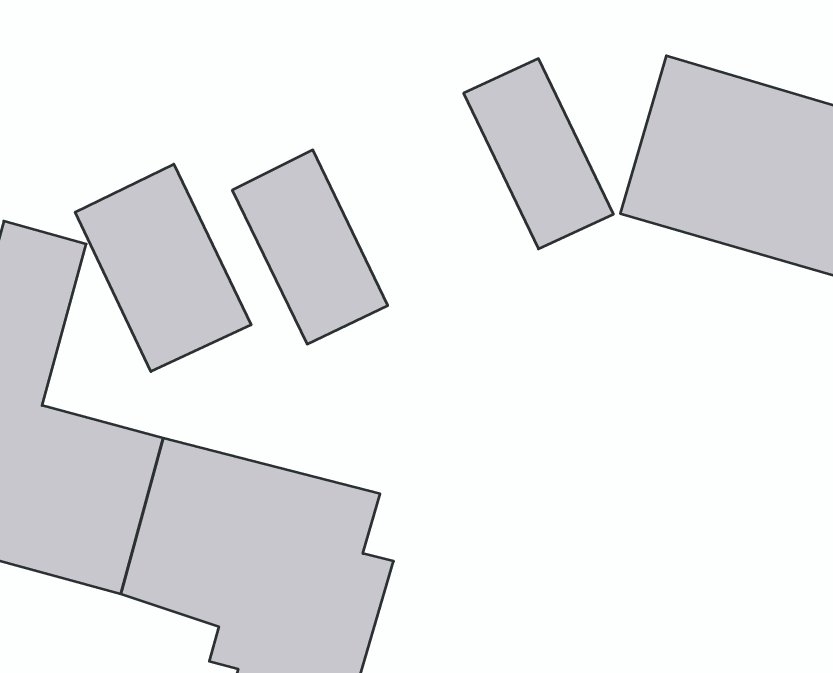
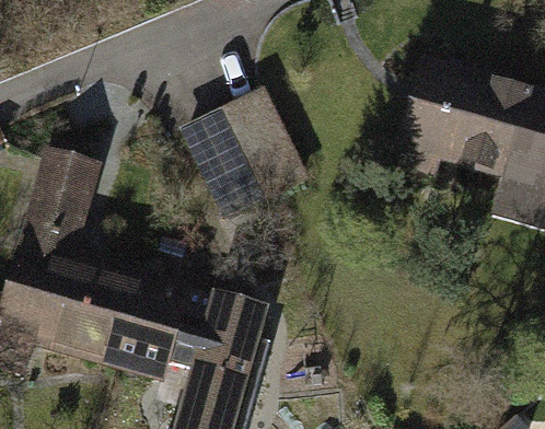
building: [464,59,613,249] -> [223,89,309,197]
building: [75,164,251,372] -> none

